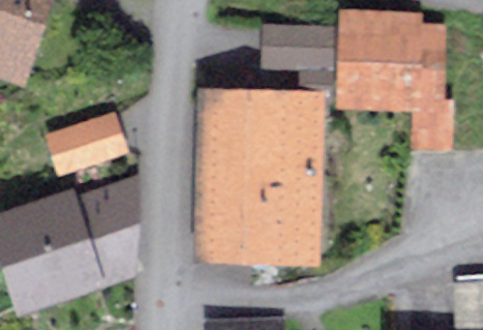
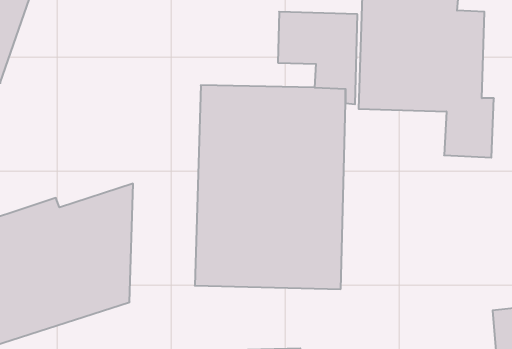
building: [43,111,128,176] -> none

